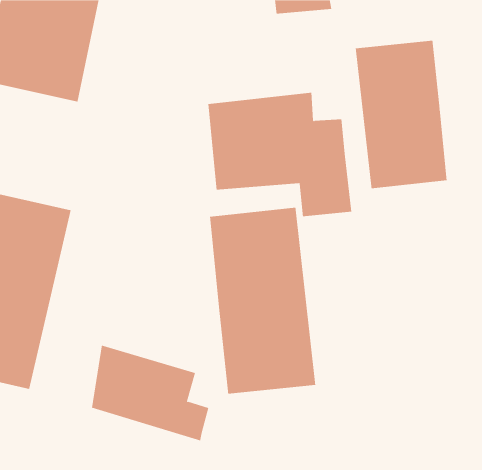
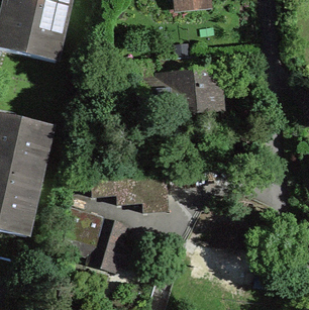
building: [355,40,447,189] -> none
building: [209,207,316,395] -> none

